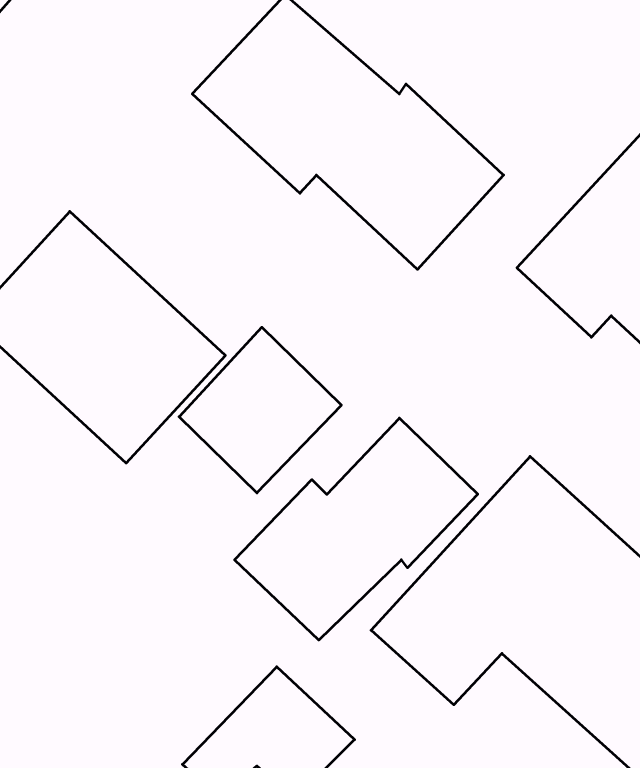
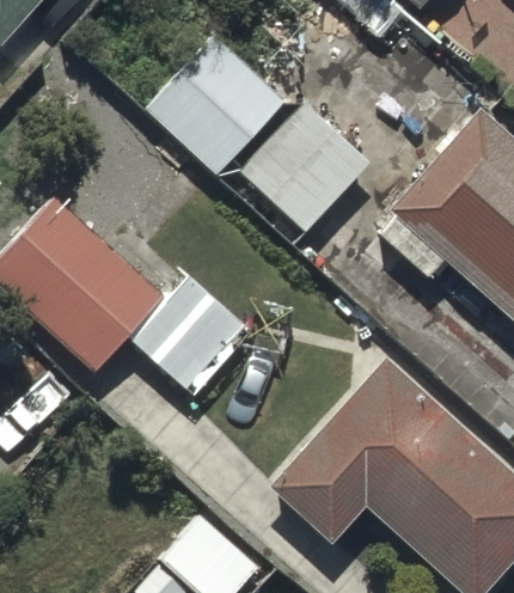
building: [235,418,478,640] -> none

